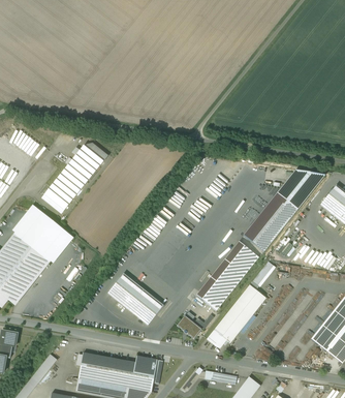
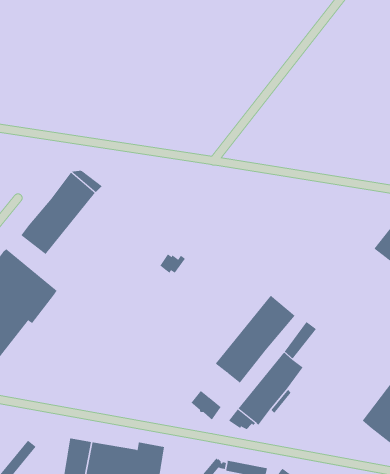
building: [244,171,325,251] -> none
building: [107,273,164,325] -> none

